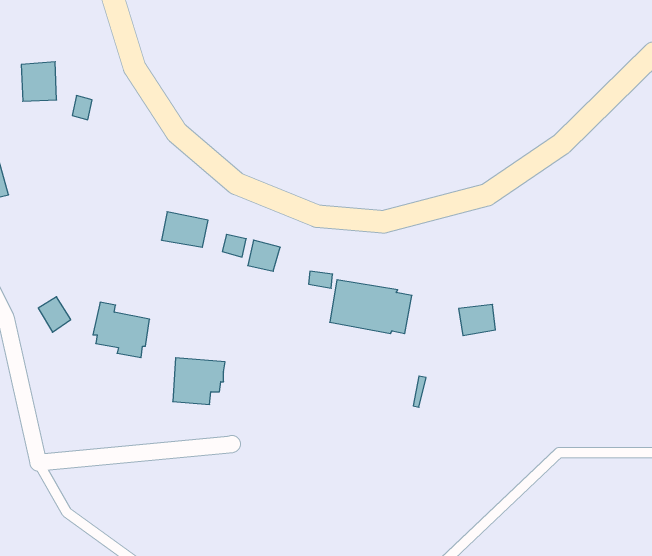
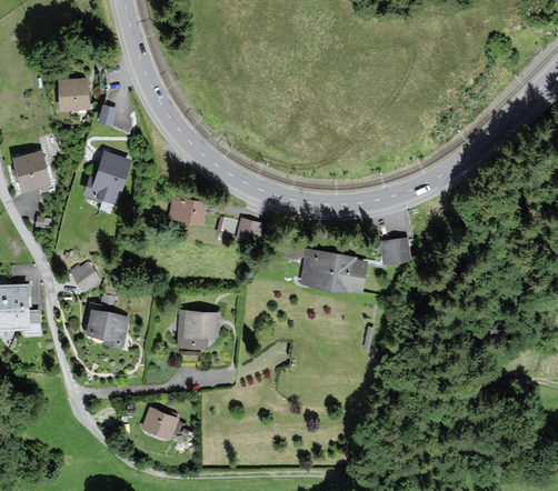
building: none -> [86,152,130,204]
building: [93,302,150,358] -> [84,303,129,347]
building: [459,304,495,336] -> [381,239,410,263]
building: none -> [145,409,177,438]

